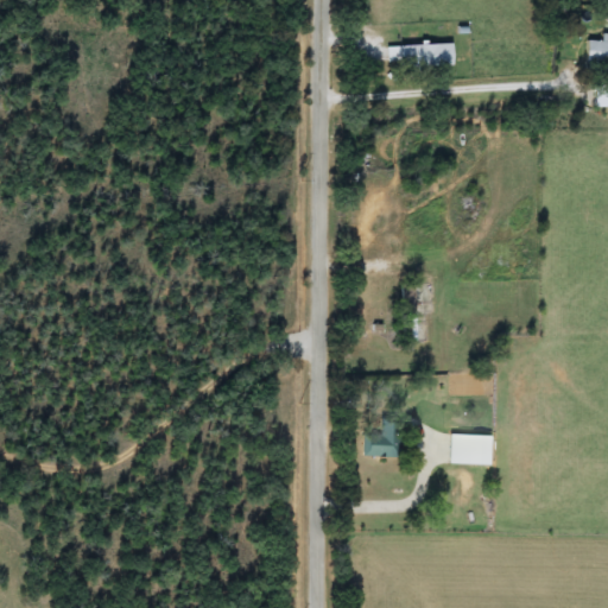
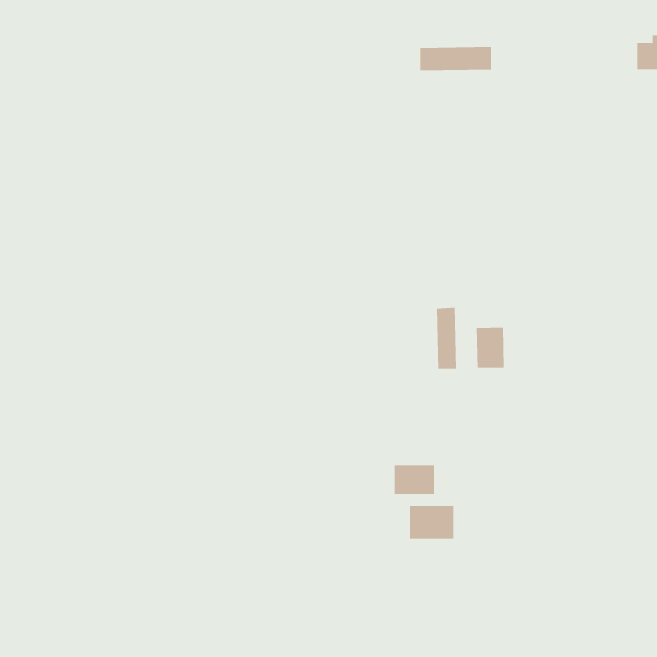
building: none -> [476,327,504,369]
building: [451,433,493,464] -> [409,506,454,539]

